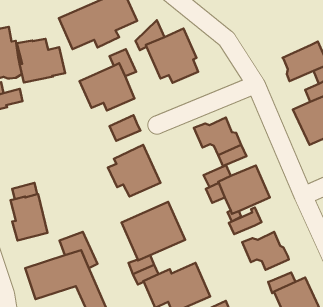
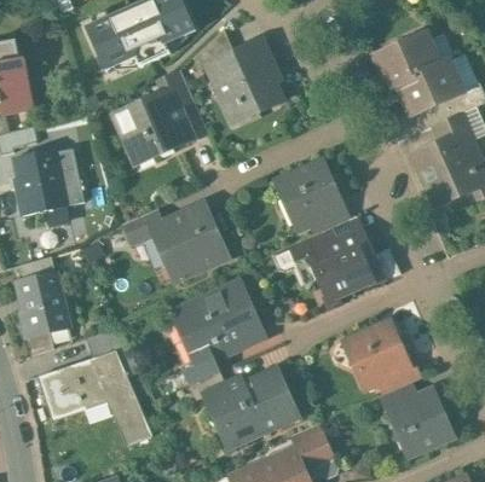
building: none -> [374,34,439,87]
building: [17,39,65,83] -> [13,153,81,215]
building: [109,115,140,141] -> [122,209,166,245]
building: [229,207,262,234] -> [375,358,421,395]

